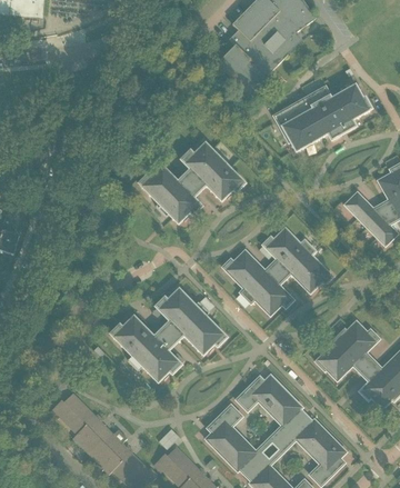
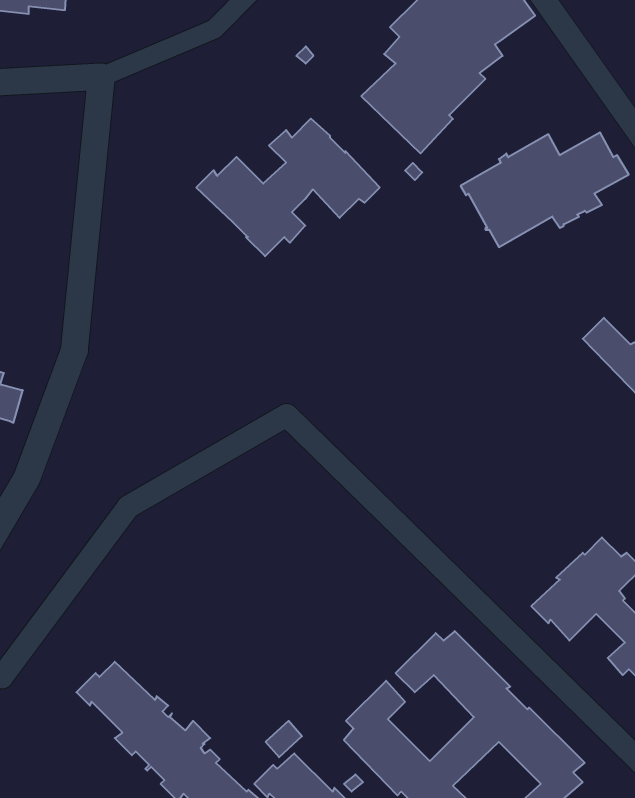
building: [137,143,243,223] -> [196,119,380,256]
building: [221,228,331,315] -> none
building: [109,289,226,382] -> none

